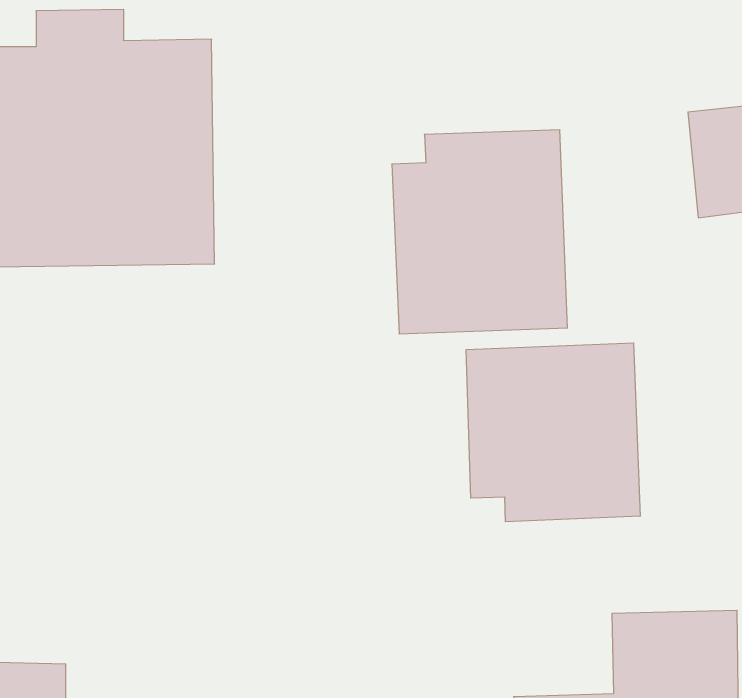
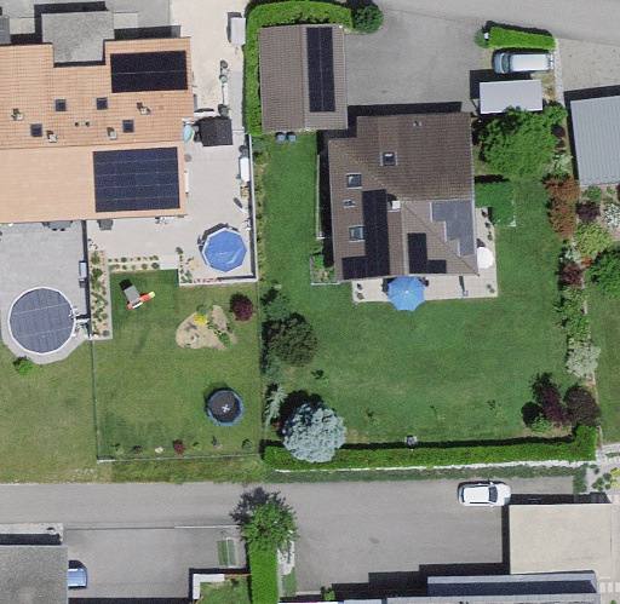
building: none -> [256,23,343,131]
building: [466,343,640,522] -> none

